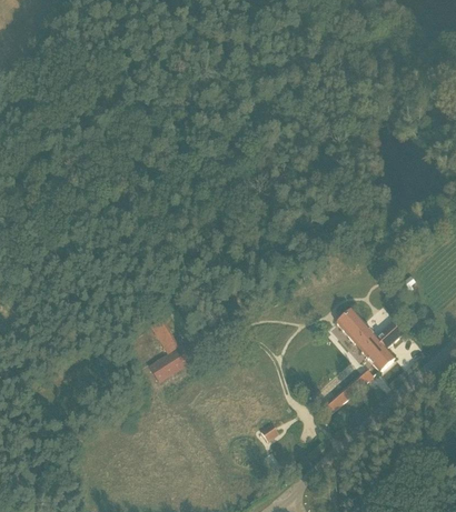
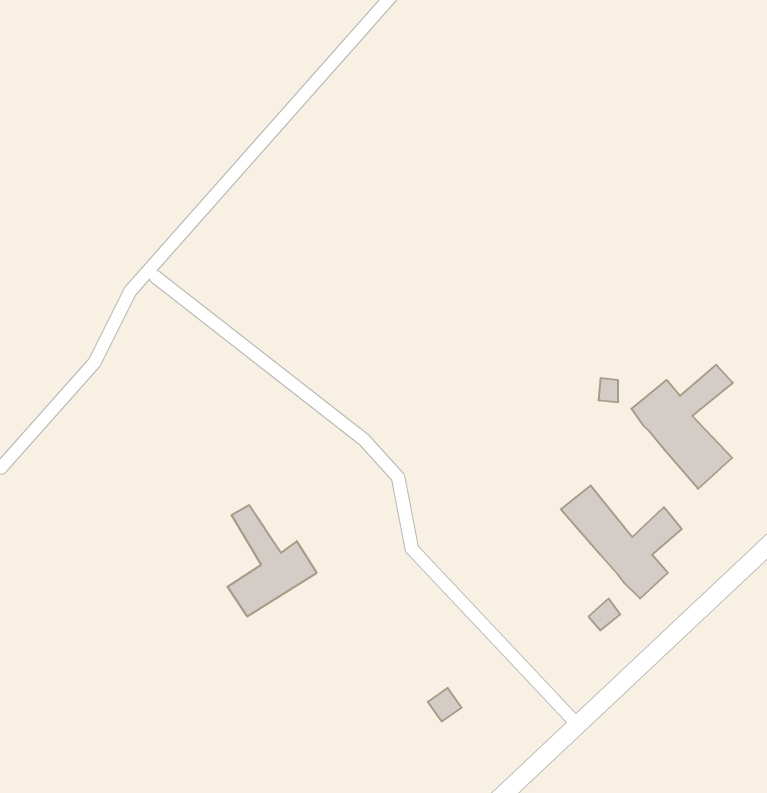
building: none -> [631,365,733,489]

